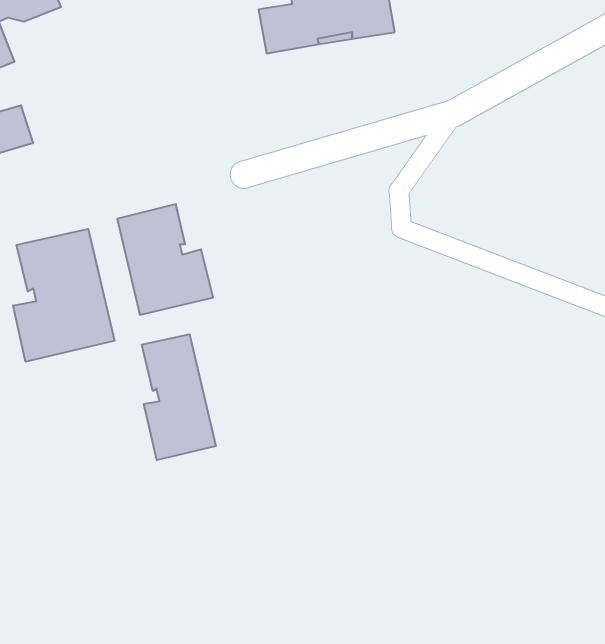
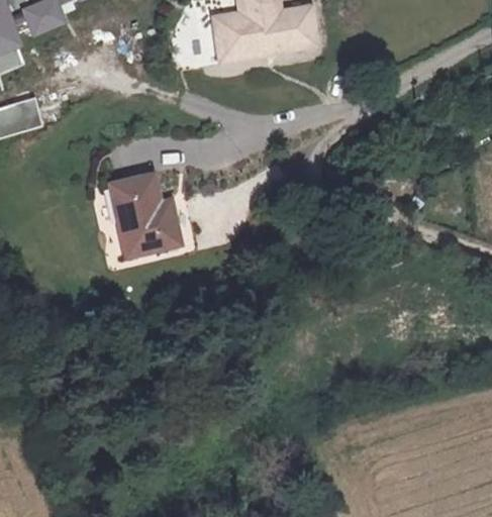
building: [13,229,115,362] -> none
building: [142,334,216,460] -> none

